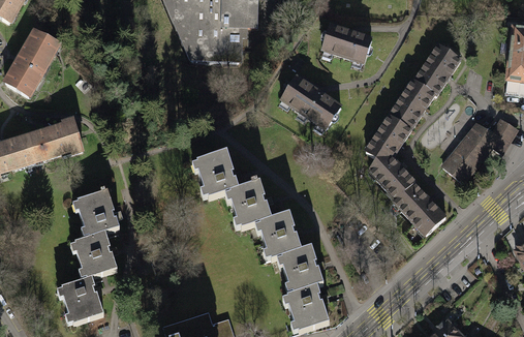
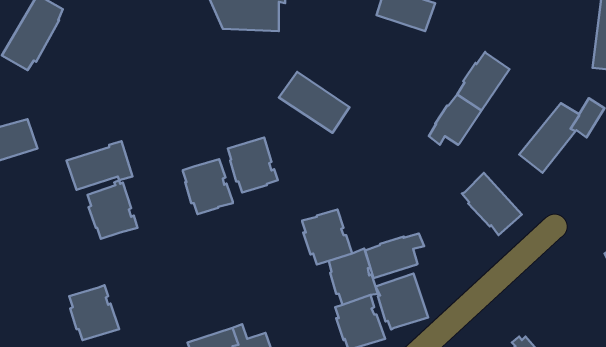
building: [414,43,459,93] -> none
building: [280,74,340,126] -> [279,72,350,133]
building: [26,118,82,159] -> [67,141,133,190]
building: [369,149,414,196] -> none
building: [228,180,271,226] -> [183,159,233,214]
building: [74,231,116,277] -> none
building: none -> [365,234,424,278]
building: none -> [375,273,428,330]

